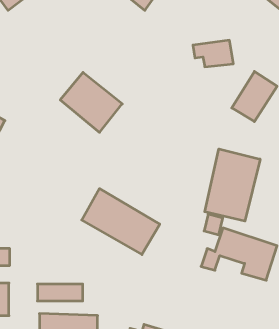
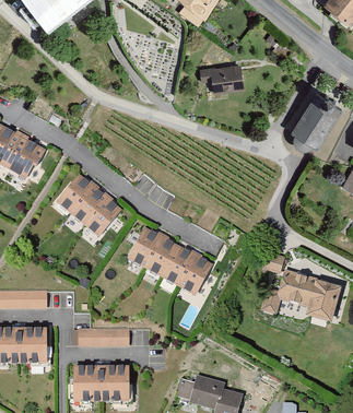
building: [193,40,233,67] -> [199,63,244,93]
building: [60,72,122,132] -> [55,172,123,238]
building: [205,149,260,221] -> none

